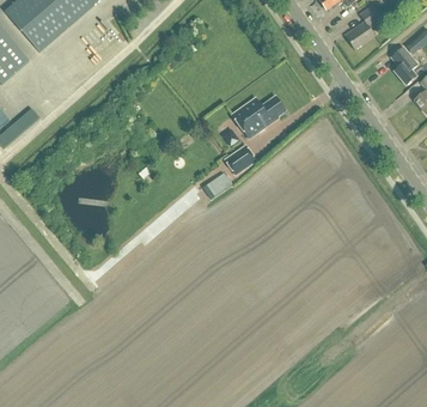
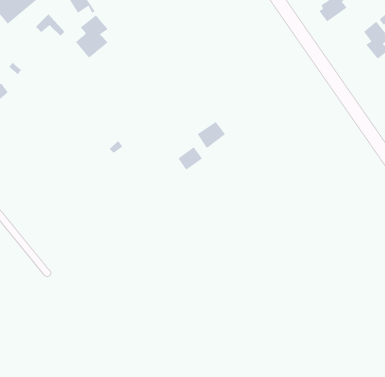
building: none -> [75,14,109,59]
building: [232,96,286,138] -> none

